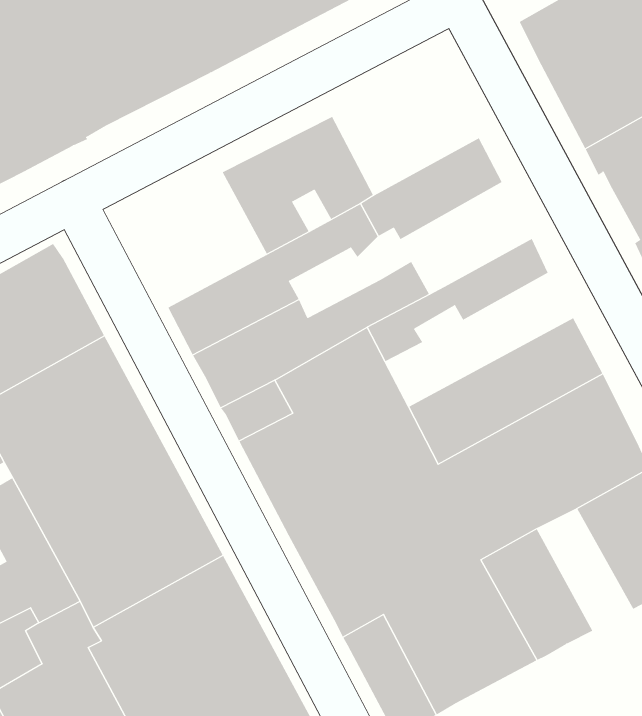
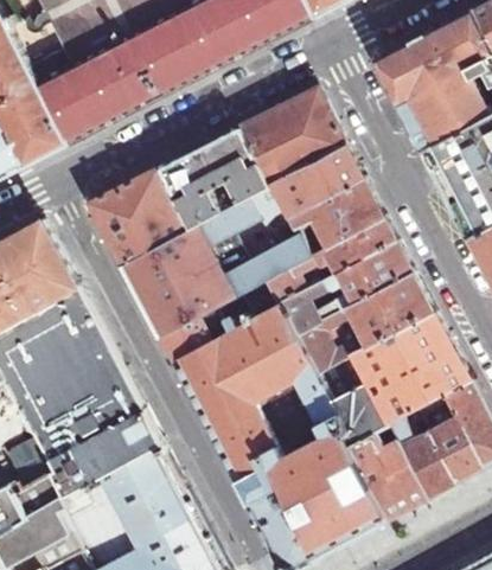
building: none -> [239,87,345,184]
building: none -> [88,164,192,264]
building: none -> [288,174,383,248]
building: none -> [277,239,413,335]
building: none -> [386,409,455,497]

